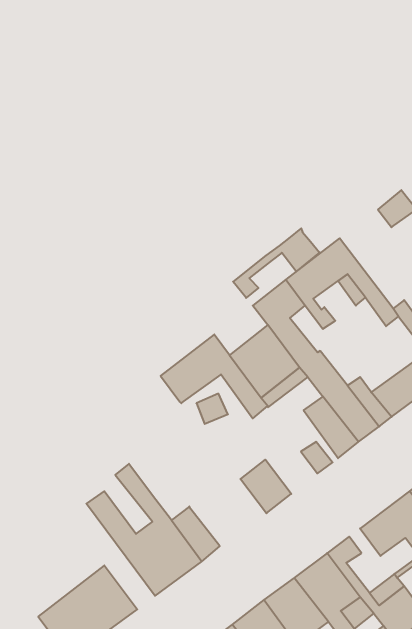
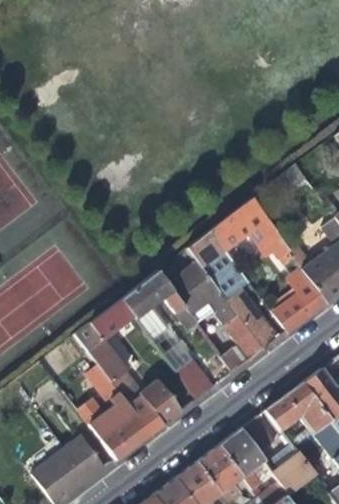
building: [233,228,320,298] -> none
building: none -> [75,300,134,387]
building: none -> [140,379,182,424]

